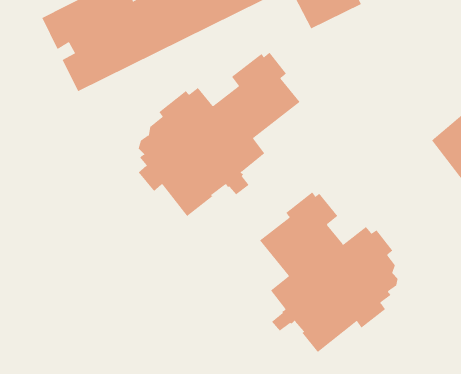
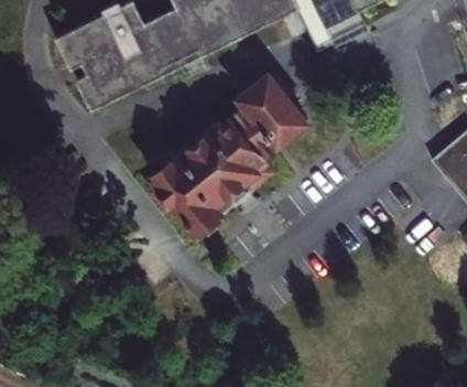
building: [259,192,398,353] -> none

